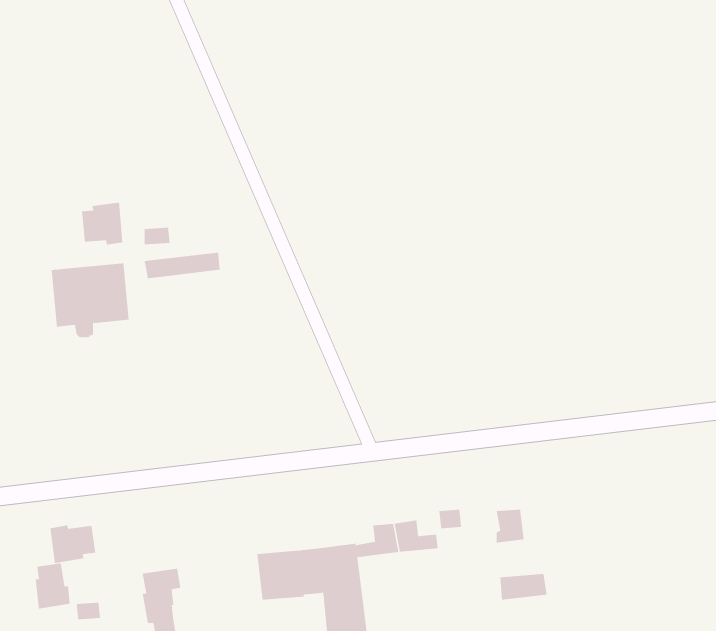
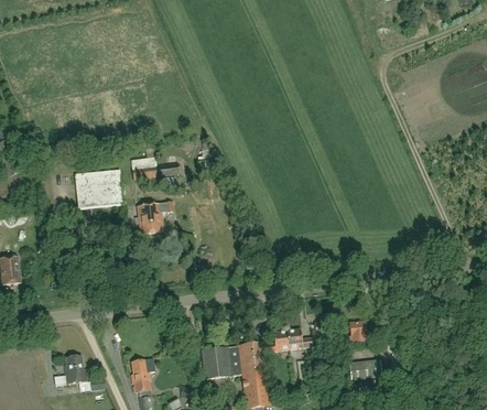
building: [81,202,123,245] -> none
building: none -> [138,202,173,234]
building: [50,524,96,564] -> none

